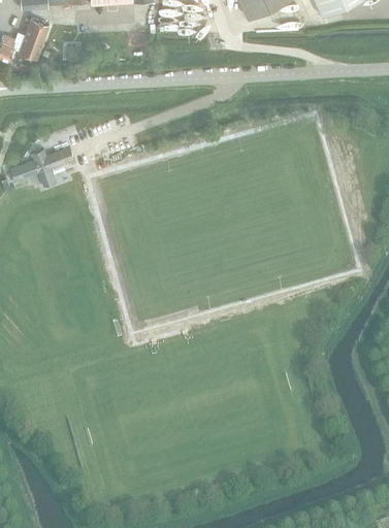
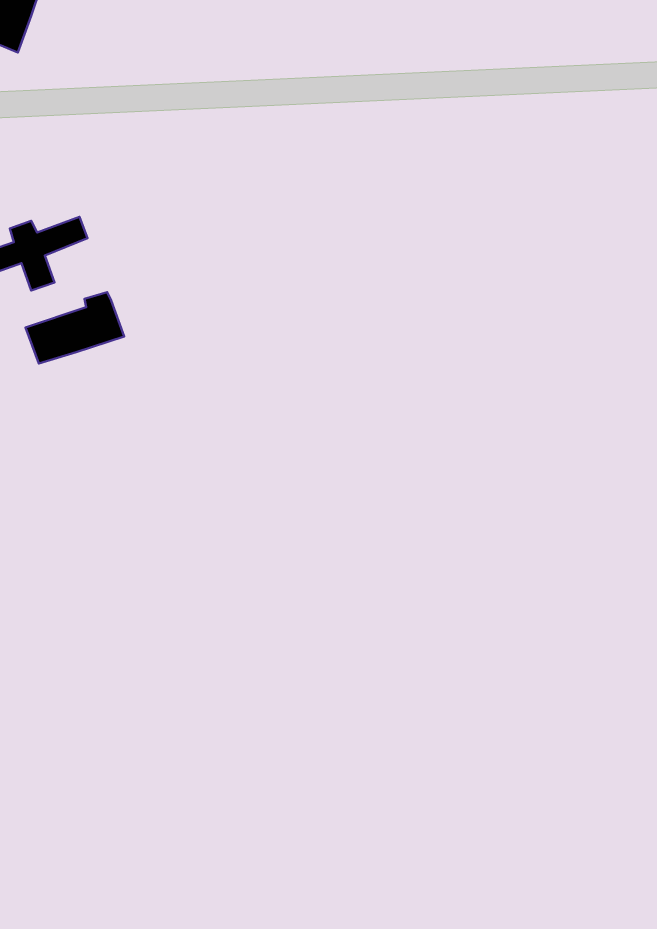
building: none -> [26,292,124,363]

